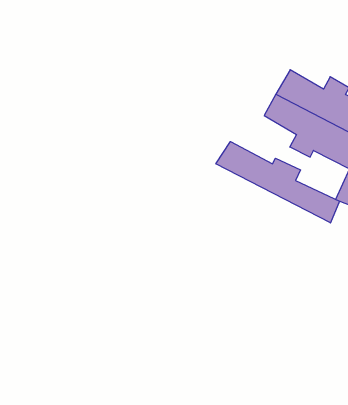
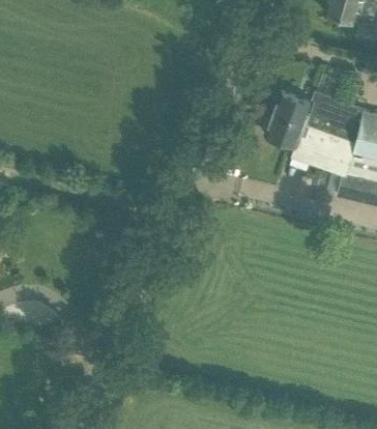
building: [216,142,339,223] -> none

